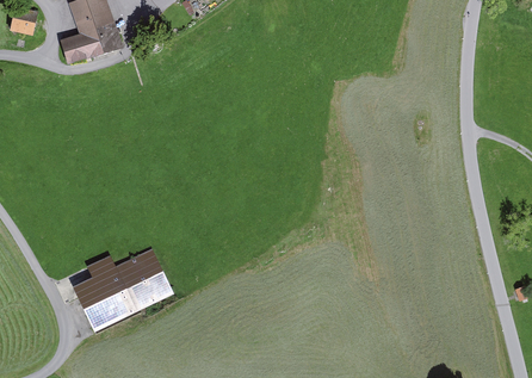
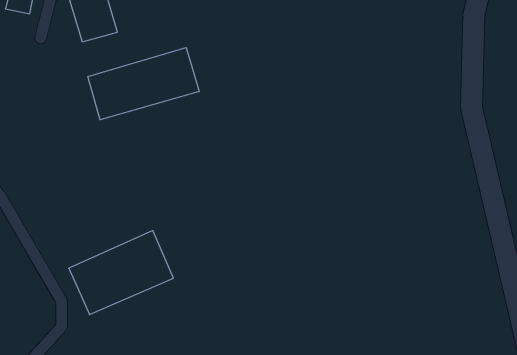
building: none -> [88,48,199,120]

